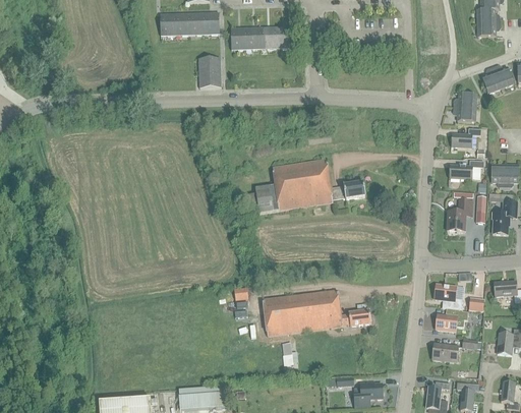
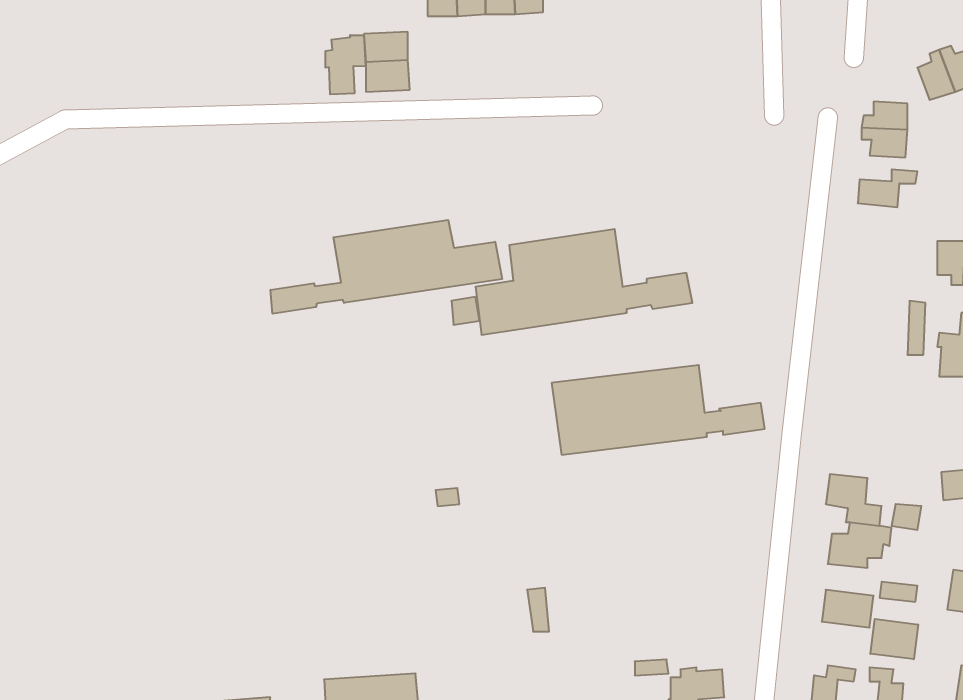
building: none -> [326,35,366,94]
building: none -> [271,220,502,314]
building: [450,160,484,178] -> none
building: [447,198,472,231] -> none
building: [263,289,371,335] -> [552,365,765,455]
building: none -> [870,619,918,659]

